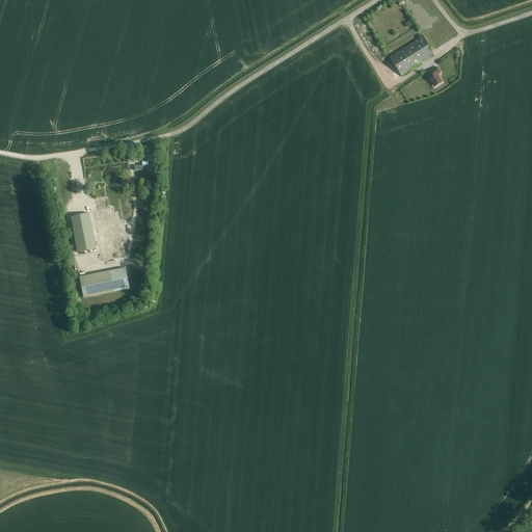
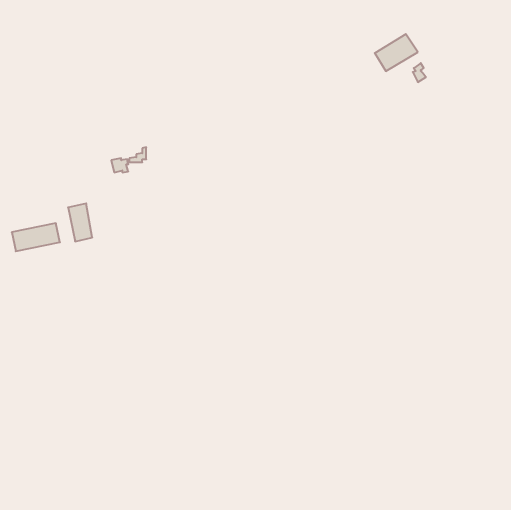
building: [79,266,129,295] -> [12,223,60,251]

